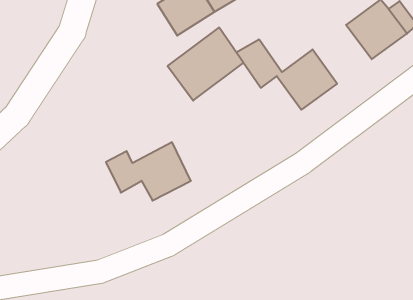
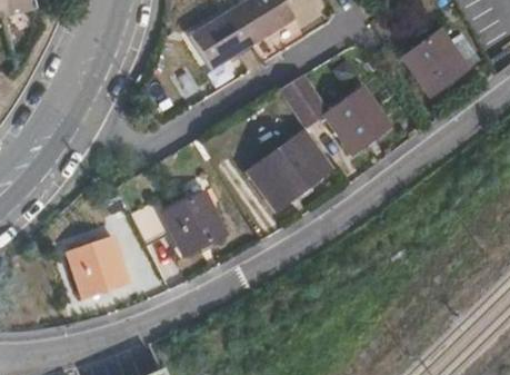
building: [168,27,244,101] -> [247,127,332,209]
building: none -> [67,236,129,297]

